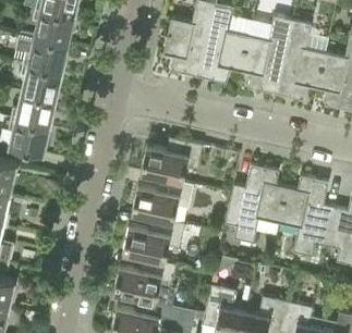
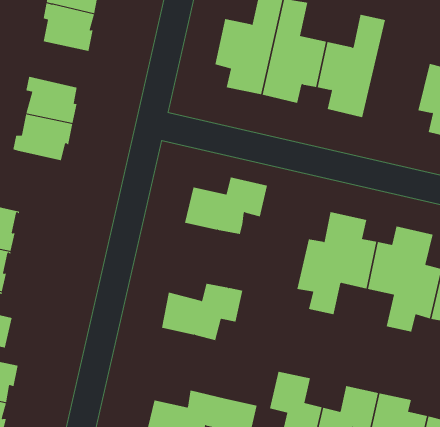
building: [276,20,326,100] -> none
building: [14,33,69,71] -> none
building: [9,118,48,153] -> none
building: [132,178,194,222] -> none
building: [114,258,177,306] -> none

